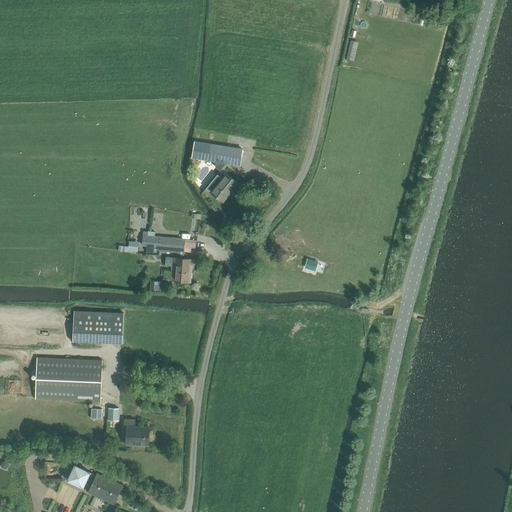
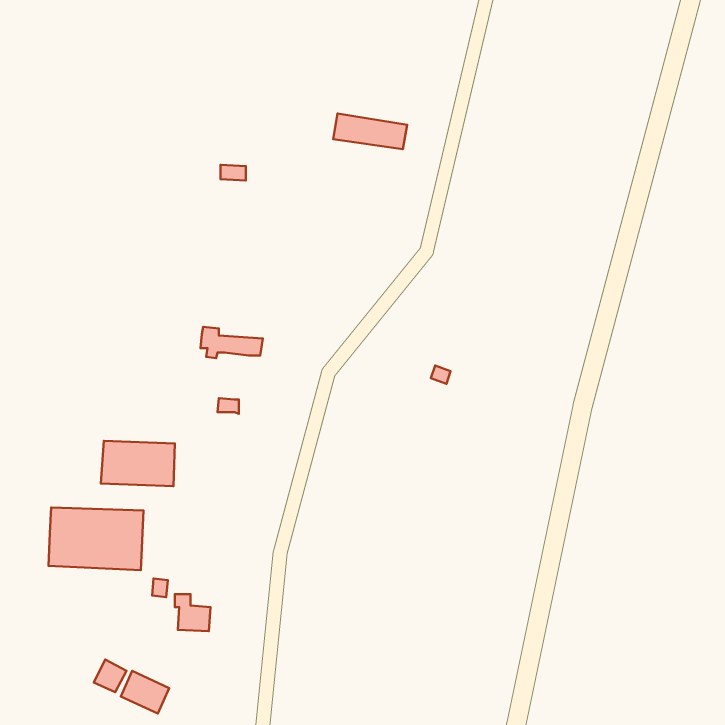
building: [190,141,242,166] -> [333,113,407,149]
building: [205,172,237,201] -> none
building: [170,257,191,281] -> none

